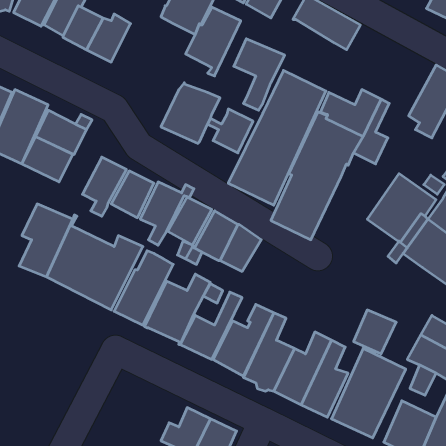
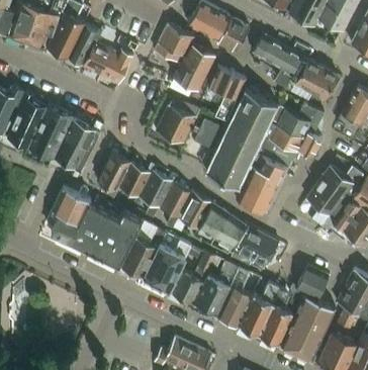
building: none -> [288,57,337,100]
building: none -> [214,214,245,255]
building: none -> [237,227,278,266]

